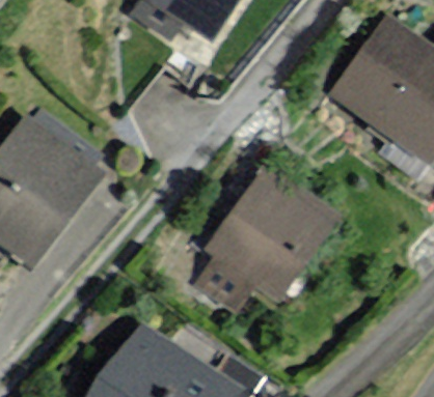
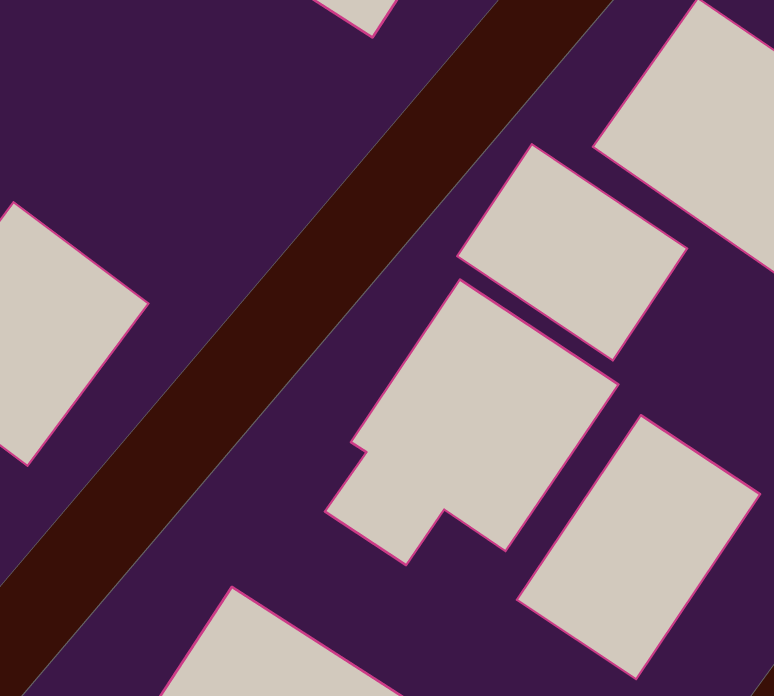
building: none -> [457,144,687,360]
building: none -> [517,415,760,679]

